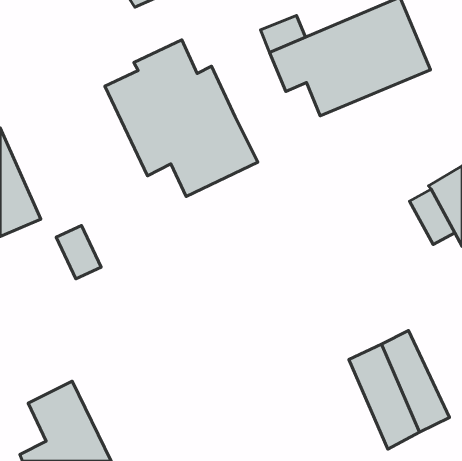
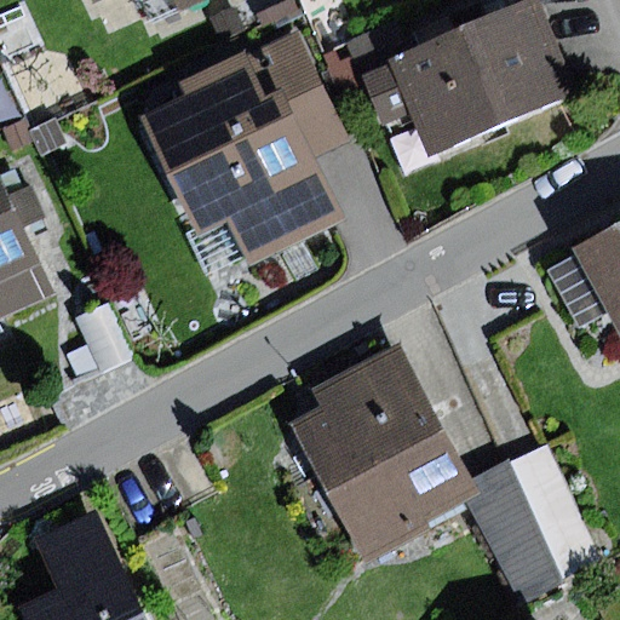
building: none -> [243,27,351,156]
building: none -> [289,343,472,561]

